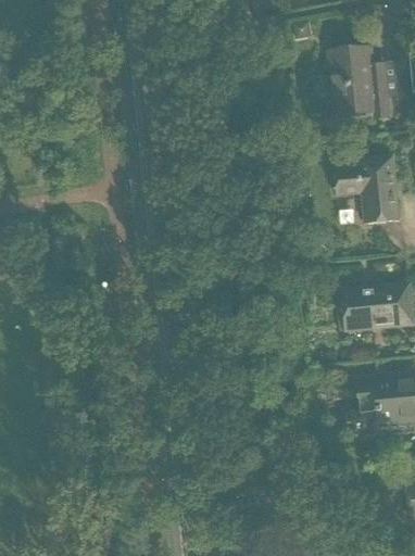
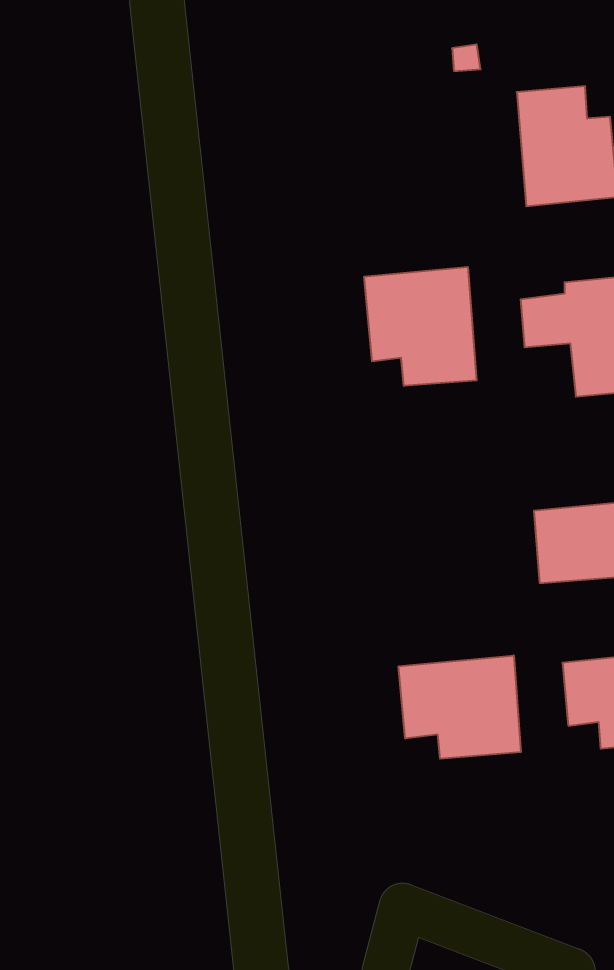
building: none -> [364,267,477,386]
building: none -> [399,655,521,759]

